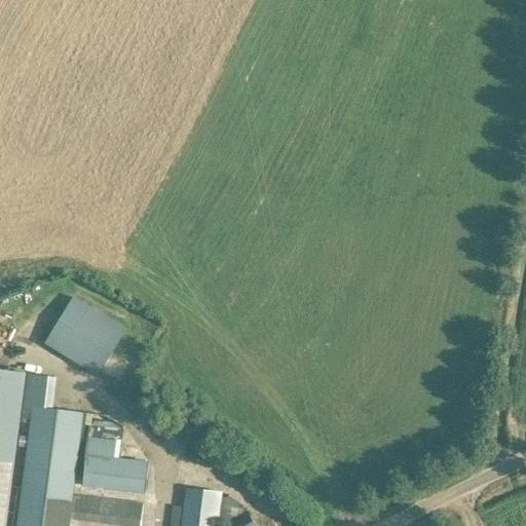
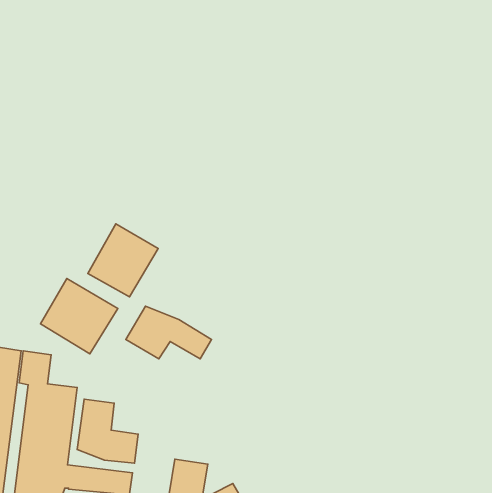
building: none -> [88,224,158,297]
building: none -> [126,306,211,359]

